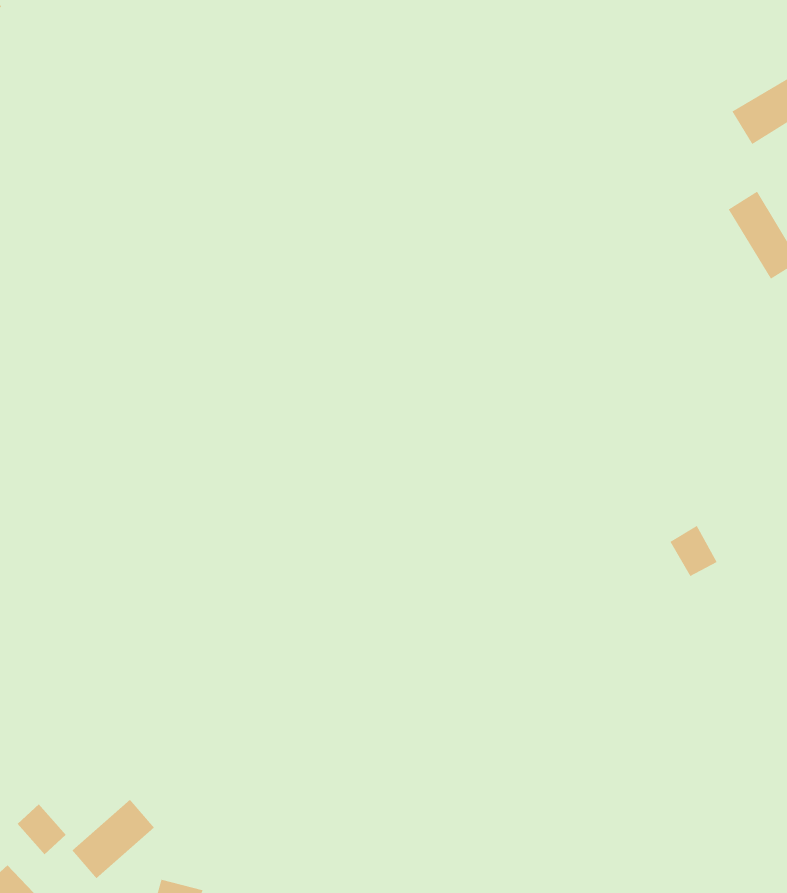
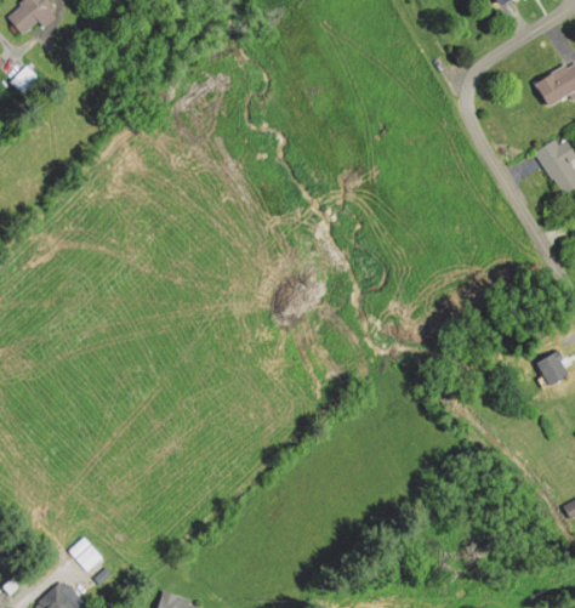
building: [669,525,717,577] -> [536,352,568,386]
building: [71,799,155,879] -> none

